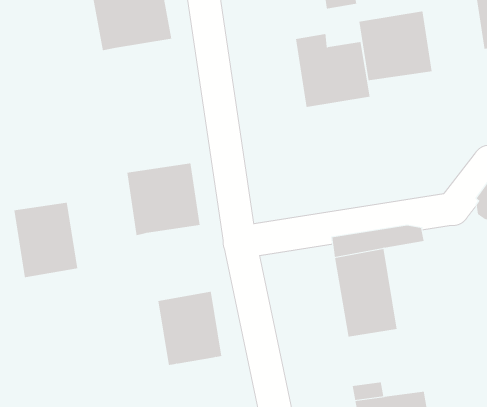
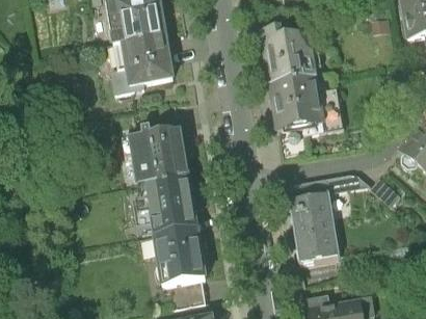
building: [358,11,433,81] -> [269,76,326,130]
building: none -> [110,31,174,91]
building: [13,202,78,278] -> [147,175,196,233]
building: none -> [169,276,204,307]

